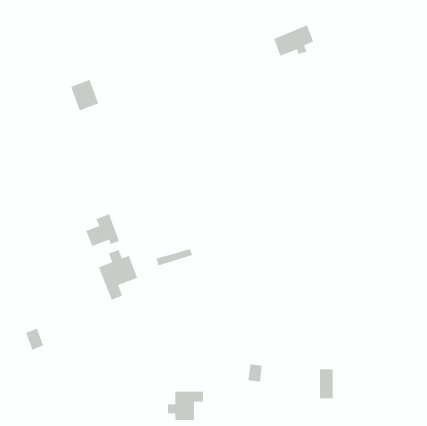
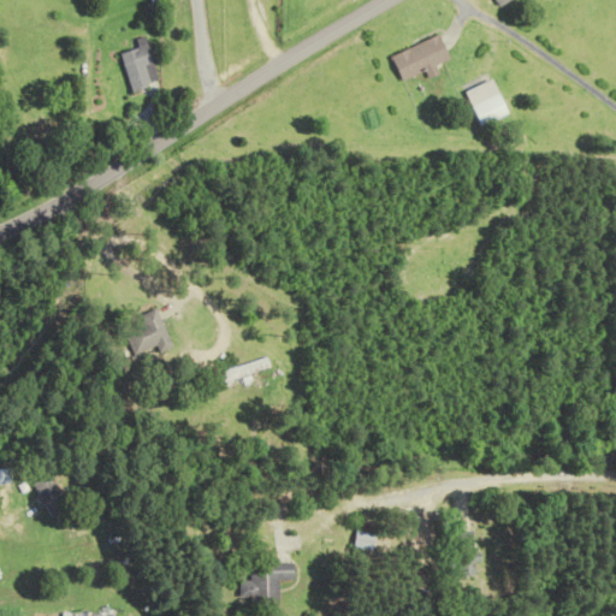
building: none -> [469,81,510,126]
building: [70,79,99,111] -> [113,45,155,91]
building: [98,249,138,301] -> none

